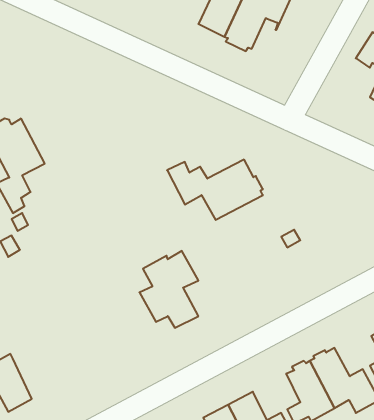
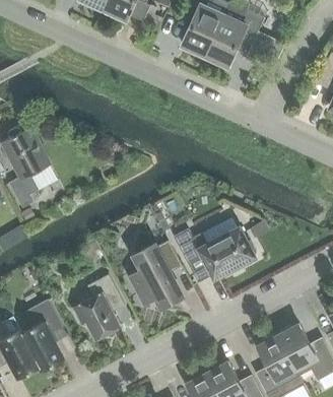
building: [167,160,263,220] -> [173,227,255,279]
building: none -> [73,275,121,339]
building: none -> [22,300,63,372]

